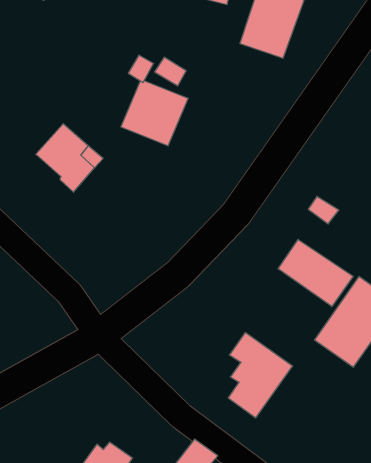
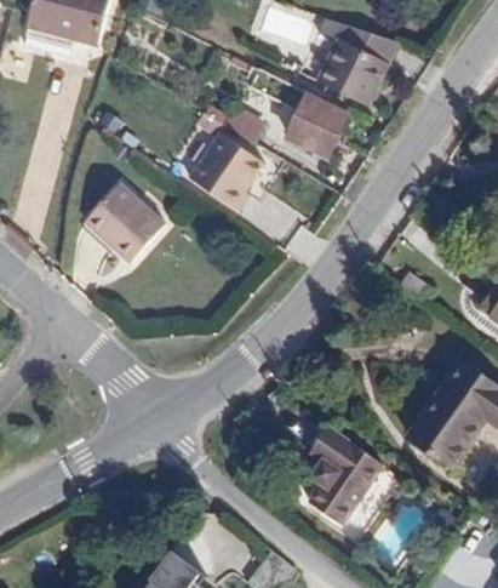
building: none -> [247,68,347,155]
building: [278,239,353,307] -> none

